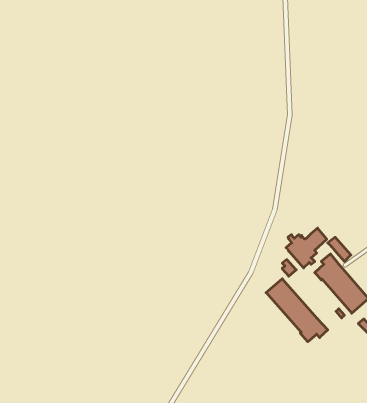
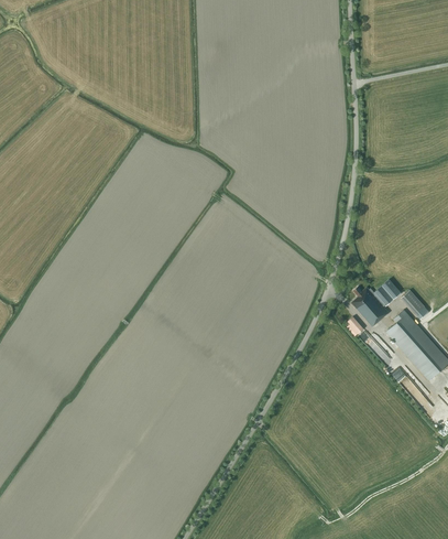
building: [266,279,328,342] -> none

